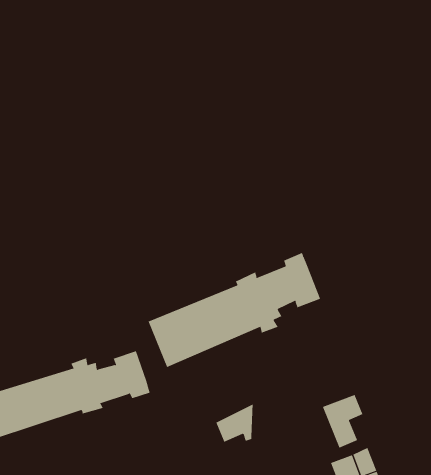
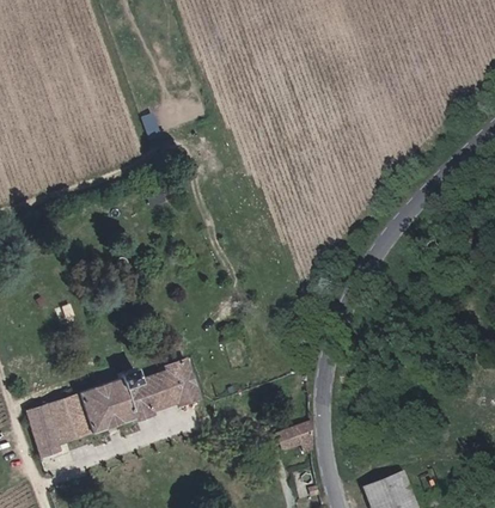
building: [148,252,321,368] -> none
building: [322,394,363,449] -> none

